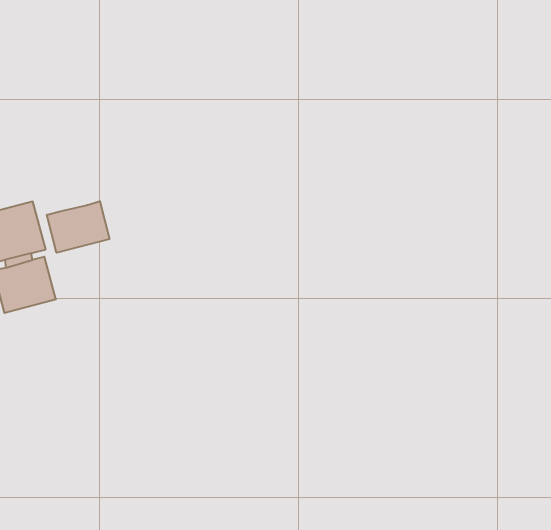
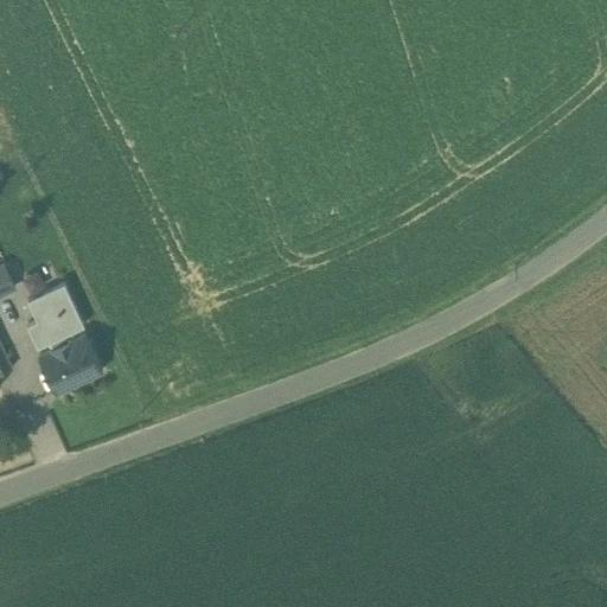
building: [47,201,109,253] -> none

